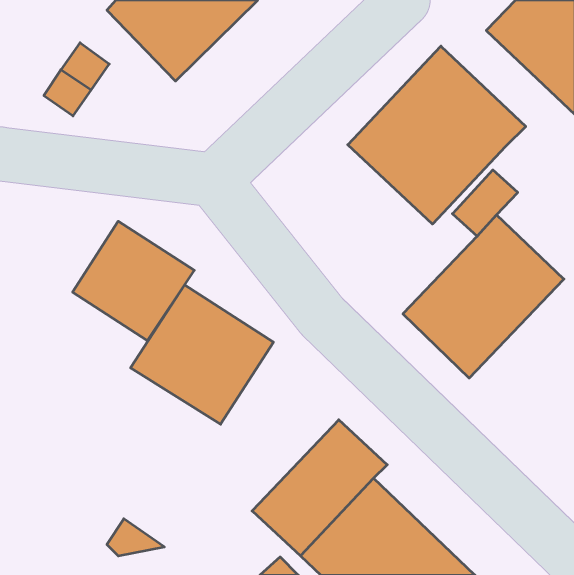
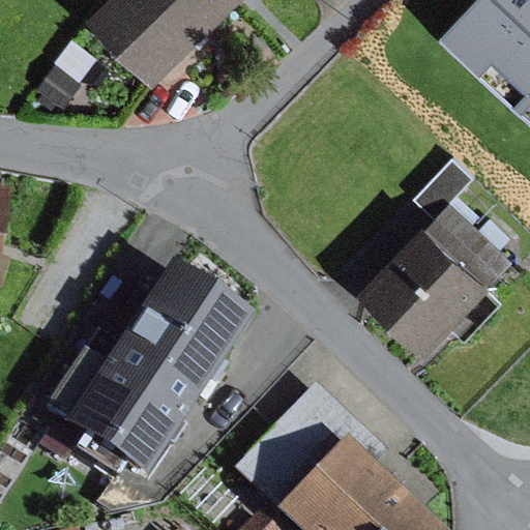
building: [348,46,526,224] -> none
building: [73,221,194,340] -> none
building: none -> [47,338,204,479]

